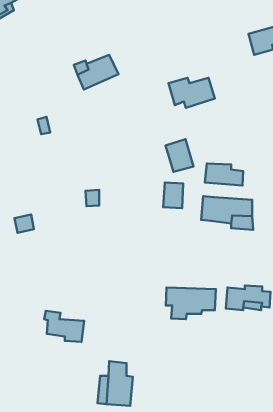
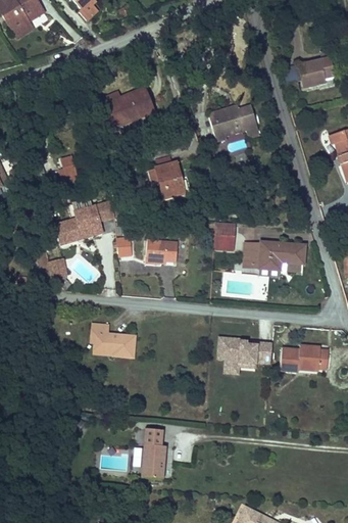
building: [165,139,194,172] -> [154,162,186,199]
building: none -> [54,205,109,235]
building: [205,164,243,185] -> none
building: none -> [144,240,177,265]
building: [44,311,84,342] -> [87,325,132,360]

